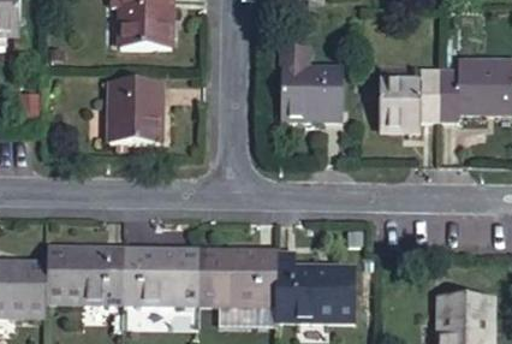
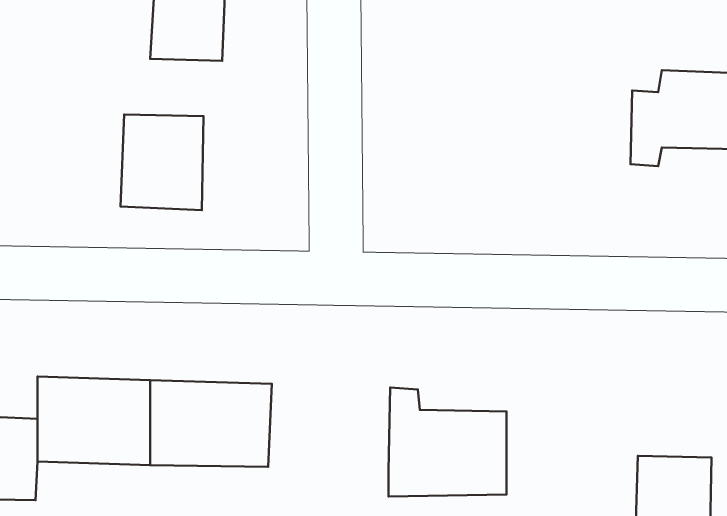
building: [279,49,339,117] -> none
building: [376,59,435,119] -> none
building: [198,251,278,308] -> none

